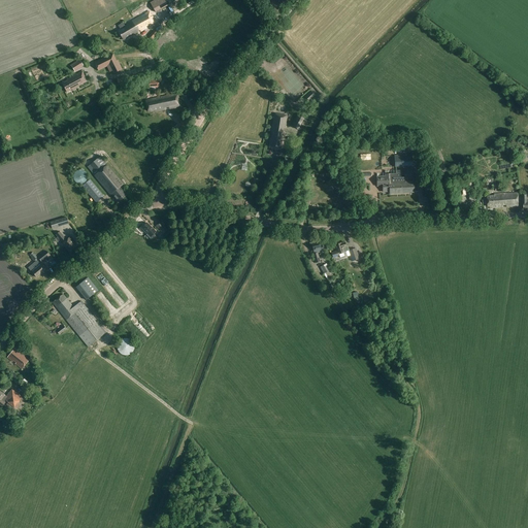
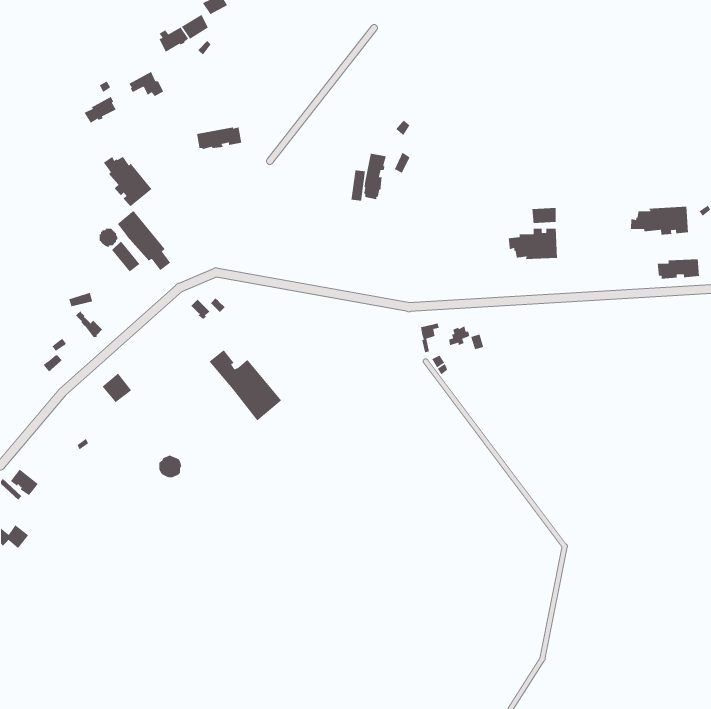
building: none -> [103,156,153,207]
building: none -> [630,206,689,236]
building: [52,293,106,346] -> [208,349,282,421]

